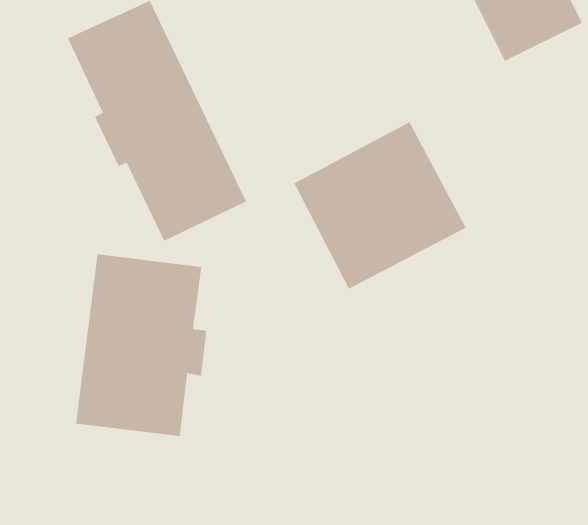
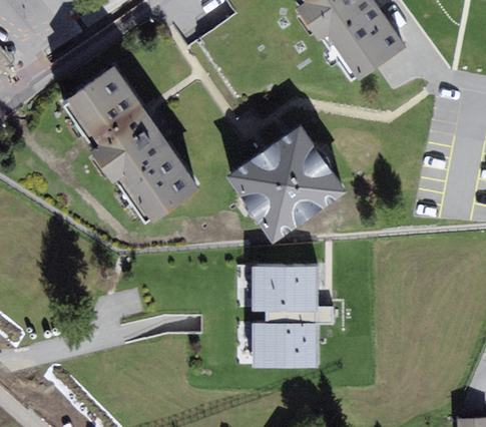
building: [76,254,207,437] -> none
building: none -> [250,265,332,366]

